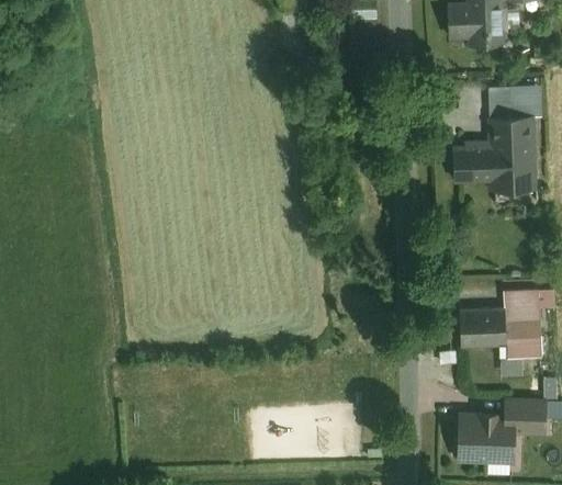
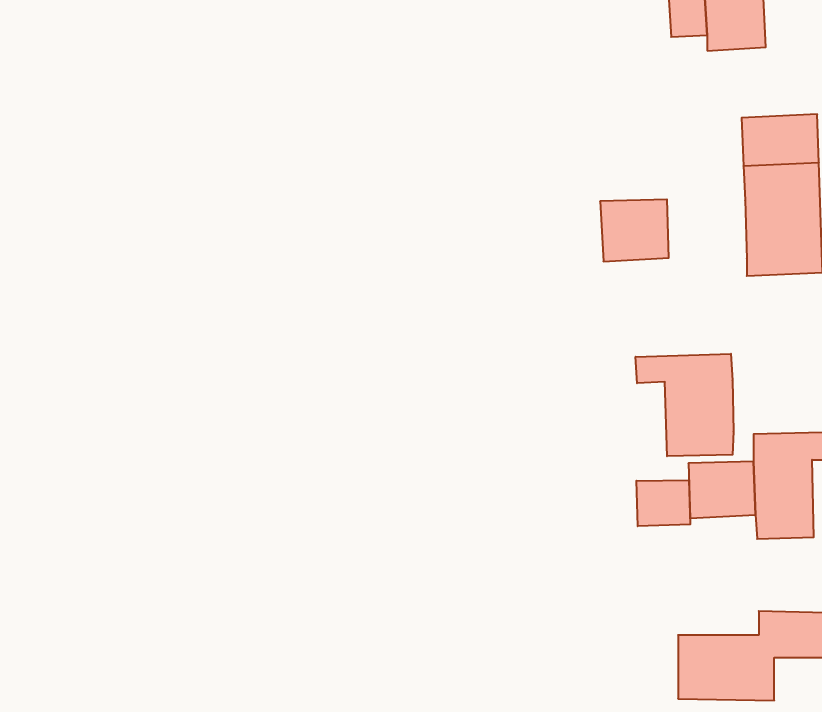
building: [452,142,496,181] -> [600,199,669,261]
building: none -> [636,354,733,456]
building: none -> [636,480,690,526]

